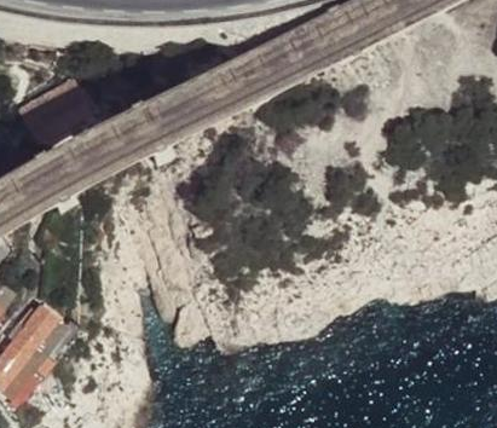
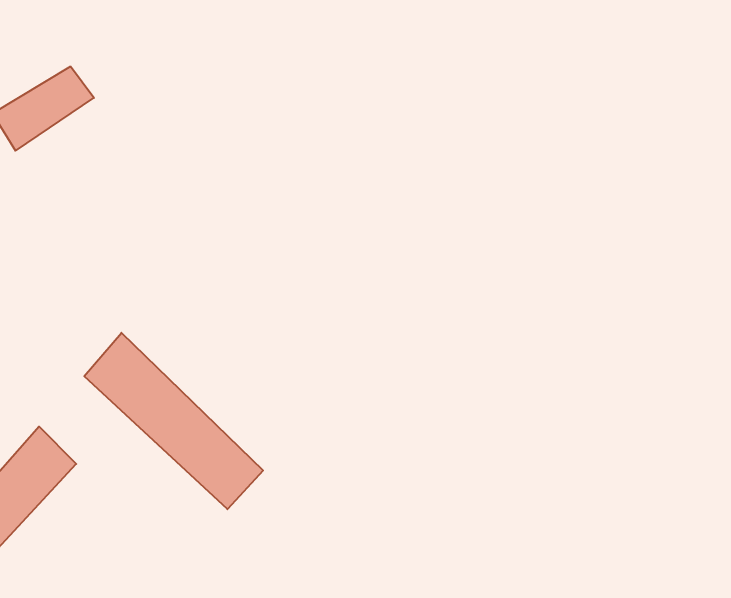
building: none -> [84,333,263,509]

